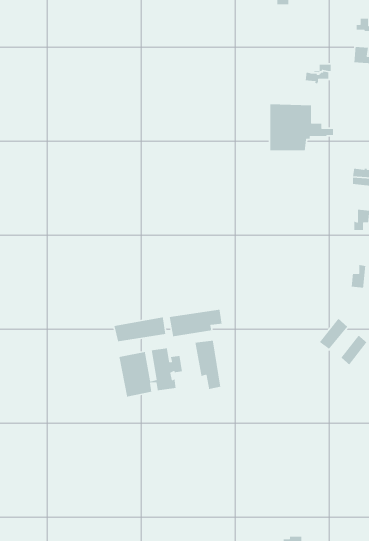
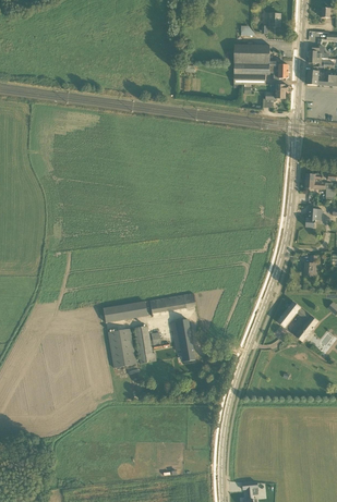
building: [270,104,334,151] -> [233,44,288,84]

